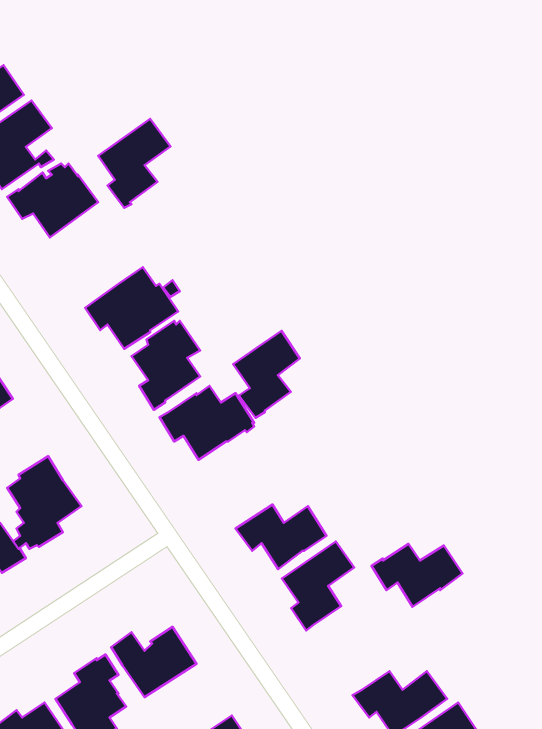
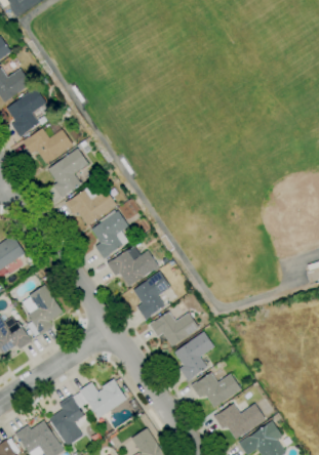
building: [98,119,171,208] -> [47,149,87,198]
building: [233,331,300,418] -> [132,272,169,320]
building: [372,544,462,607] -> [190,373,240,408]

